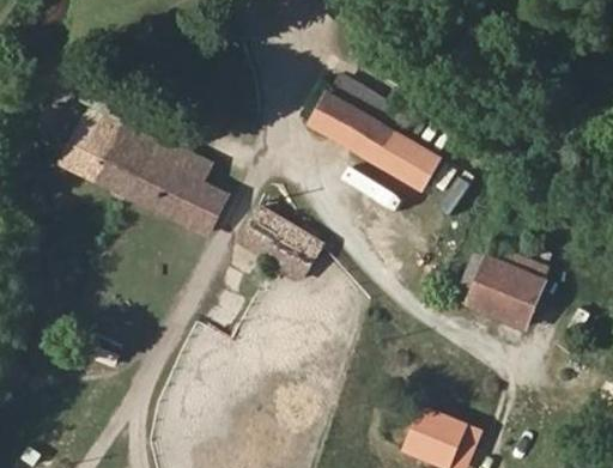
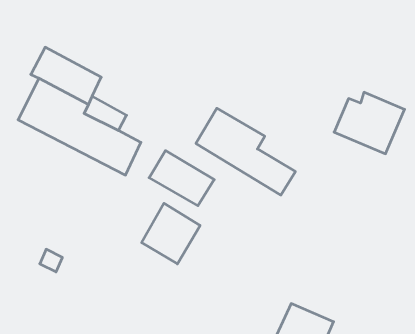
building: [312,79,444,194] -> [196,108,295,195]
building: [457,248,551,329] -> [334,92,405,154]
building: none -> [142,203,200,264]

